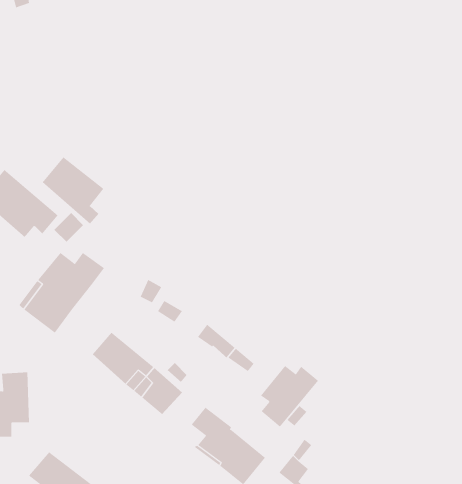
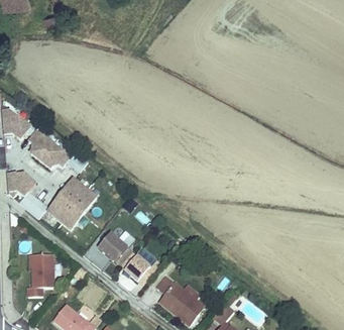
building: [42,157,104,225] -> none
building: [260,365,319,428] -> none

